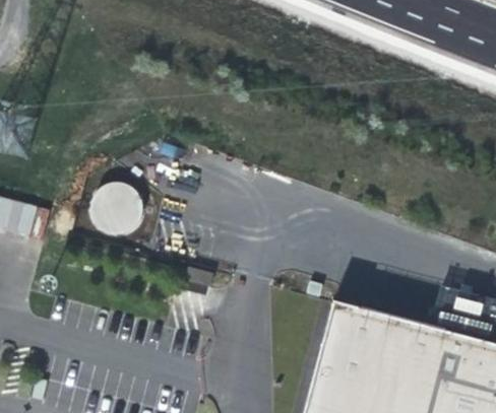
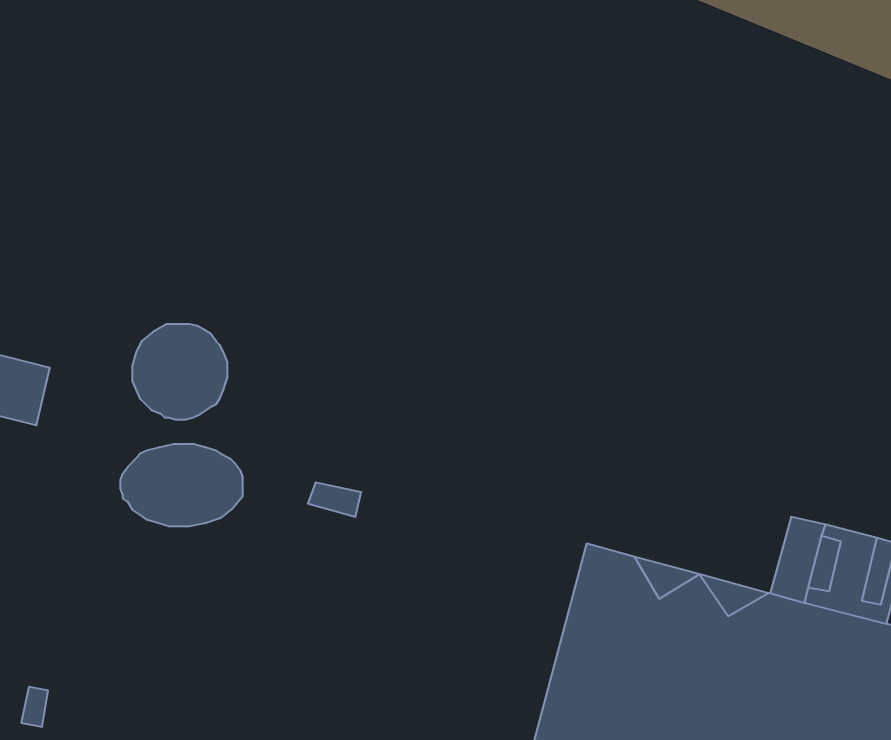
building: none -> [120,444,242,527]

